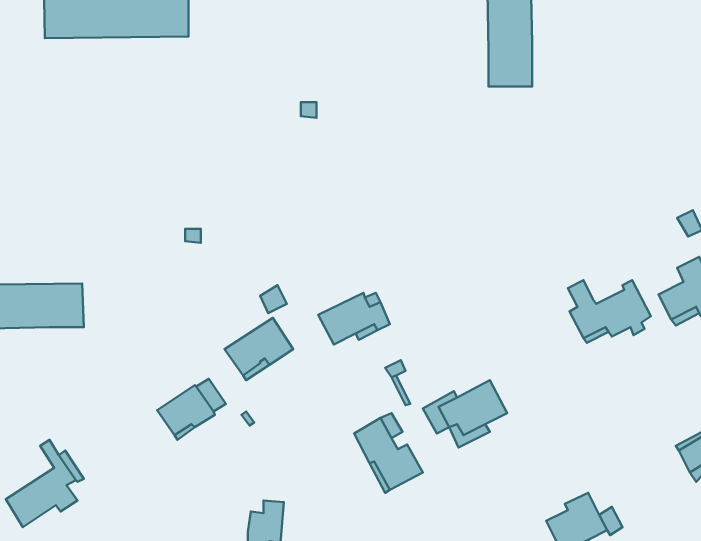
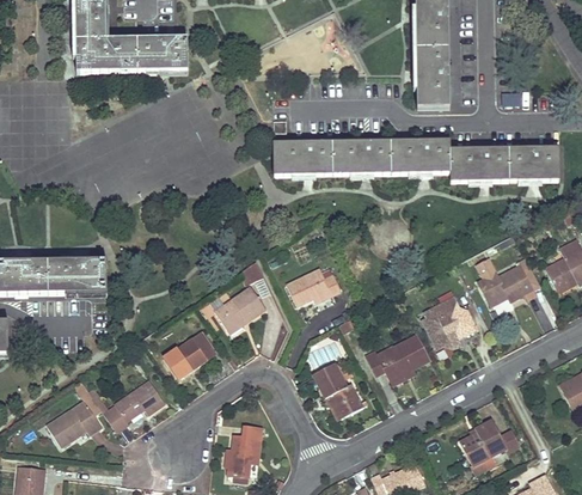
building: none -> [272,139,558,181]
building: none -> [421,294,473,346]
building: none -> [104,378,165,430]

